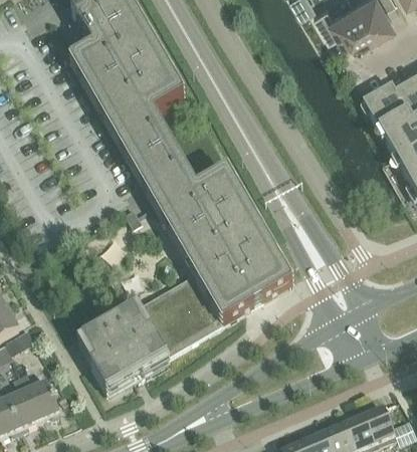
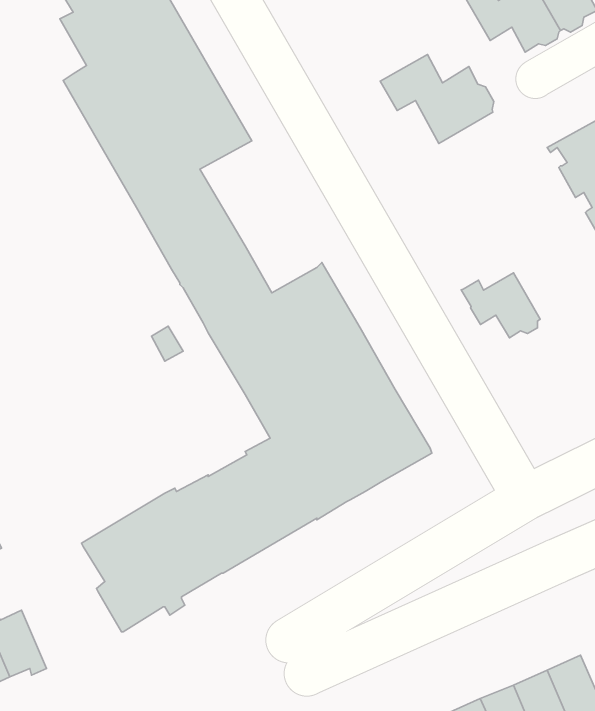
building: none -> [380,55,494,143]
building: none -> [461,273,540,338]

